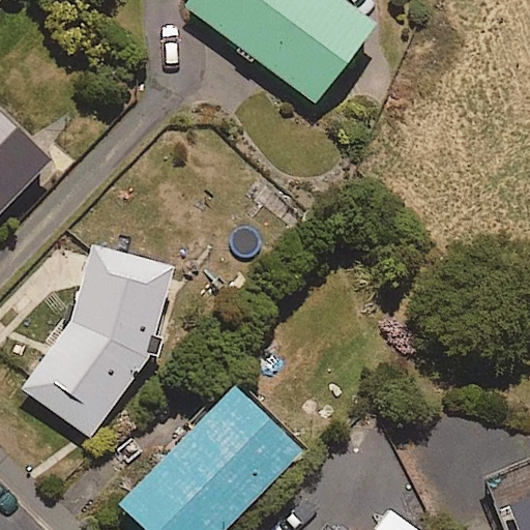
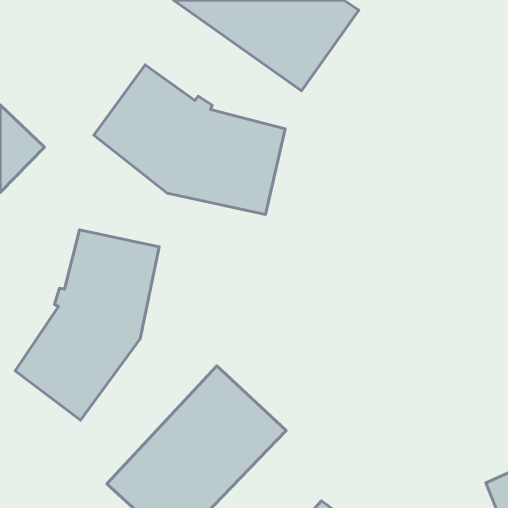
building: none -> [94,65,285,214]

